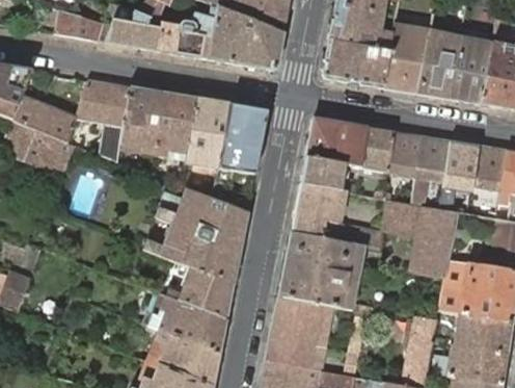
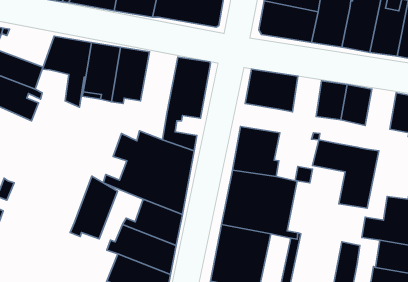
building: [186,98,229,169] -> none
building: [360,126,394,172] -> none
building: [443,140,479,190] -> none
building: [301,157,357,192] -> none
building: none -> [70,176,117,239]

